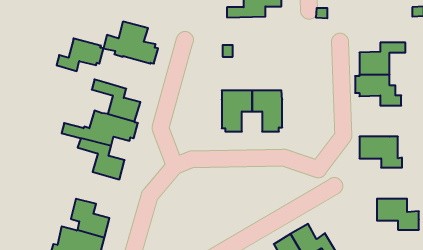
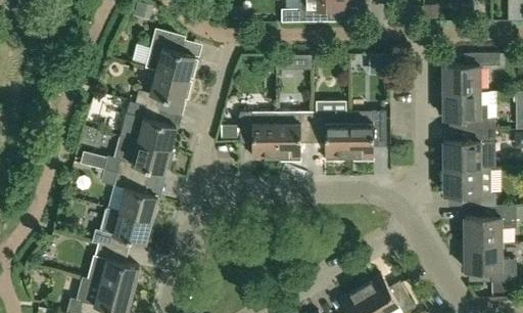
building: [57,38,104,71] -> [135,70,192,109]
building: none -> [348,110,385,156]
building: none -> [239,111,276,158]
building: none -> [438,130,495,168]
building: none -> [465,206,516,243]
building: none -> [92,208,151,252]

